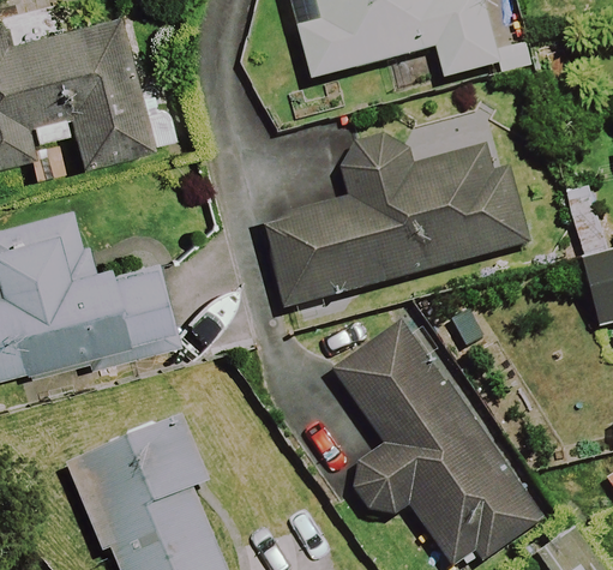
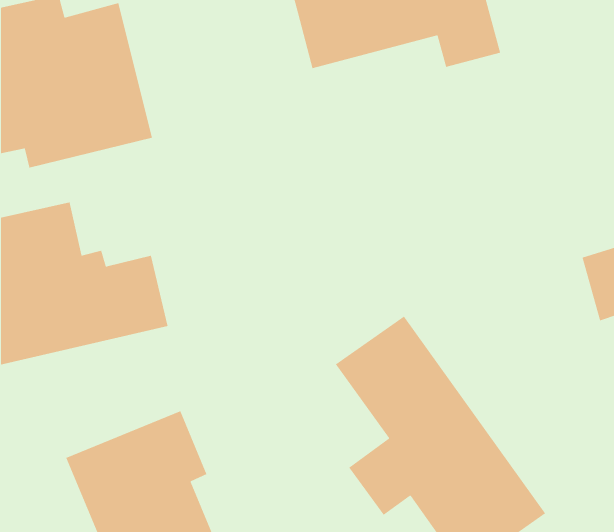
building: [264,148,529,306] -> none

